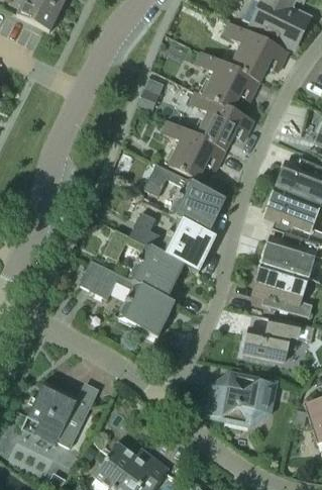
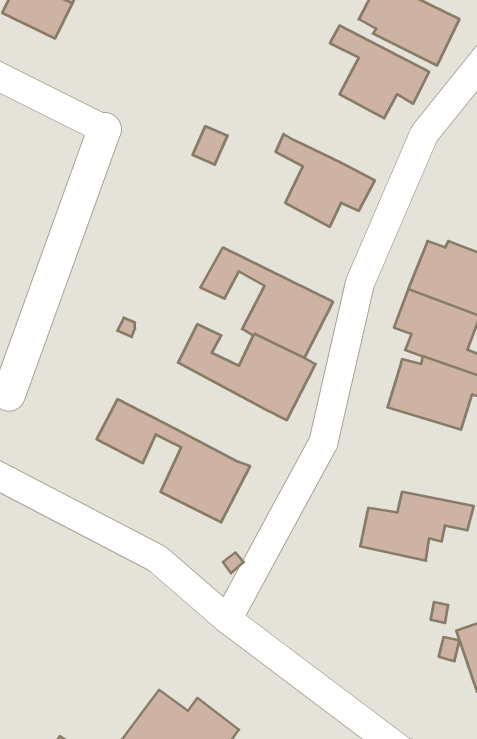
building: [196,52,258,109] -> none
building: [162,120,224,179] -> none
building: [101,228,183,298] -> none
building: [251,264,312,316] -> none
building: [207,374,274,423] -> none
building: [26,381,91,448] -> none

